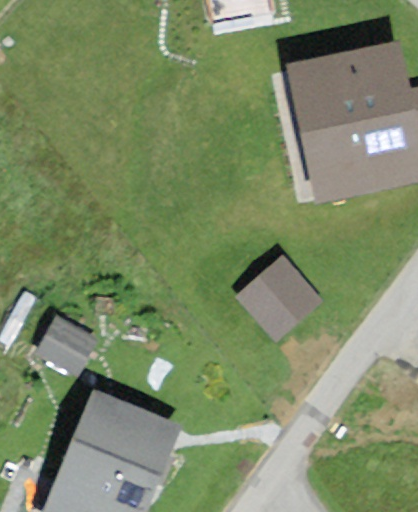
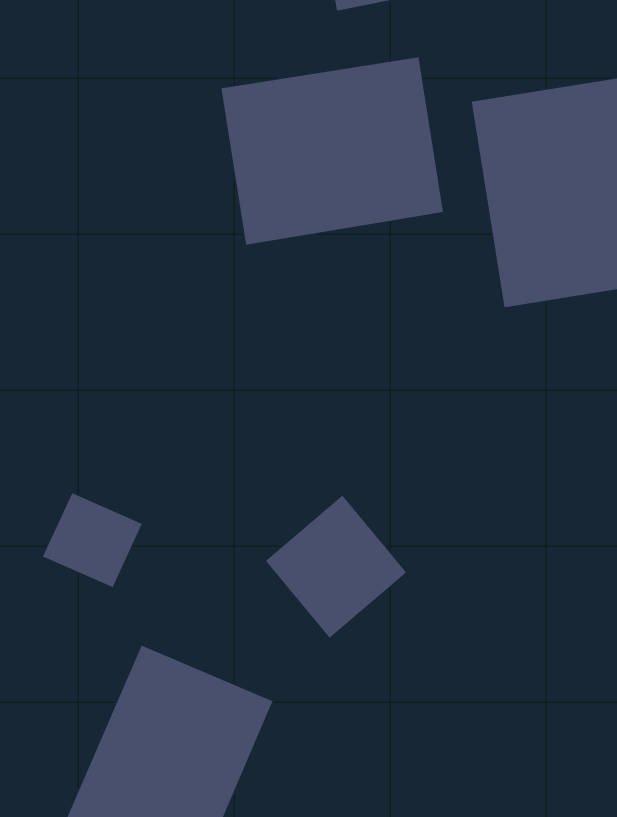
building: none -> [220,56,444,245]
building: [235,256,321,343] -> [265,495,407,639]

